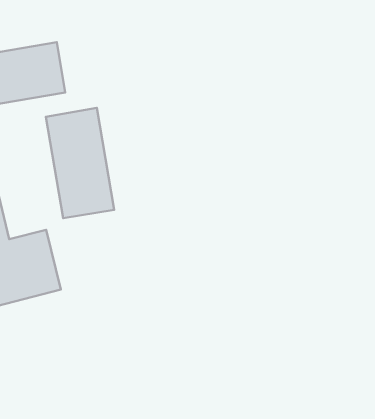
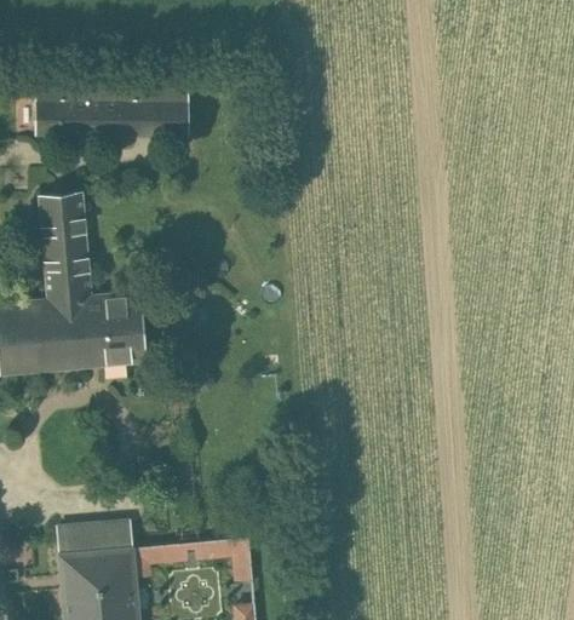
building: [46,108,114,218] -> none

